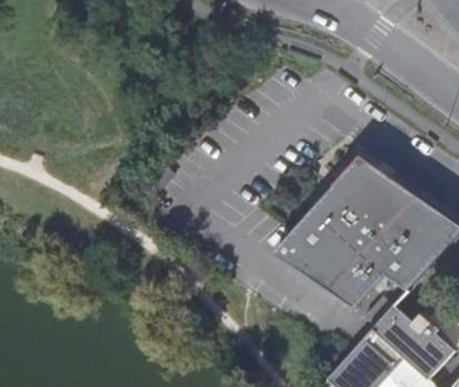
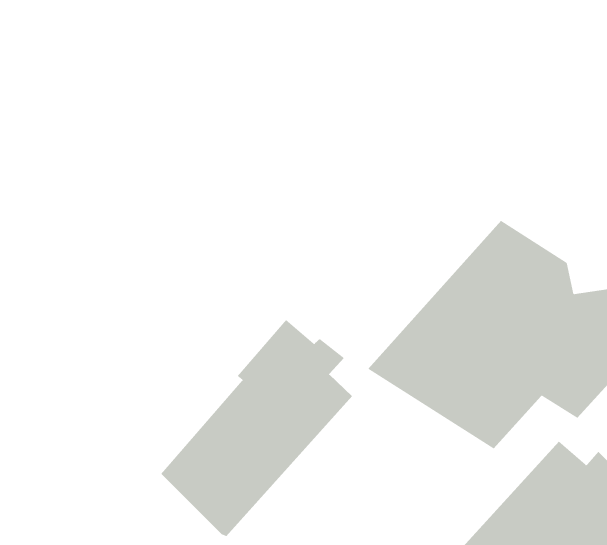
building: none -> [161,319,353,537]

